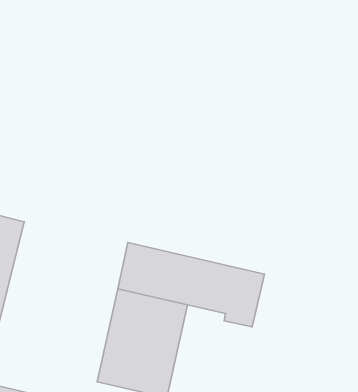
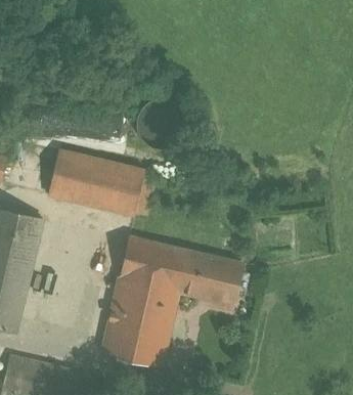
building: none -> [48,149,145,215]

